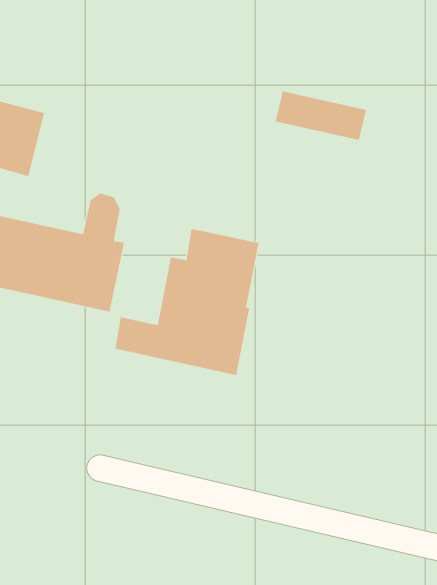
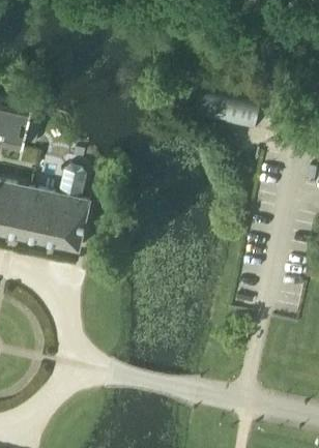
building: [115,228,259,376] -> none

